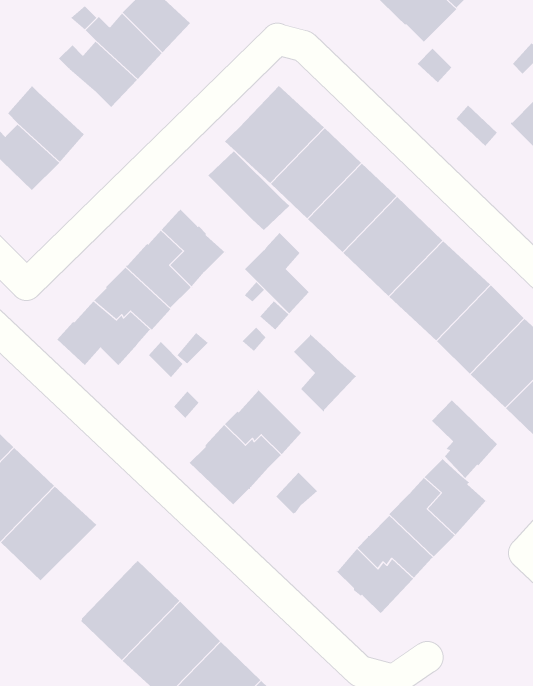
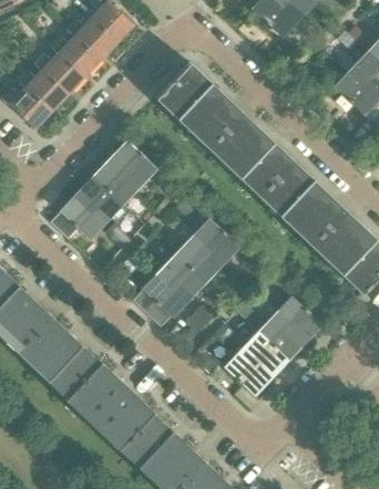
building: none -> [32,50,84,94]
building: [207,150,290,231] -> none
building: [244,232,309,315] -> [176,230,217,282]
building: [431,400,498,479] -> none
building: none -> [40,339,100,397]

